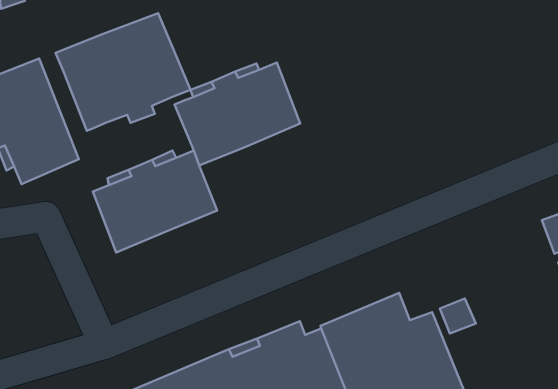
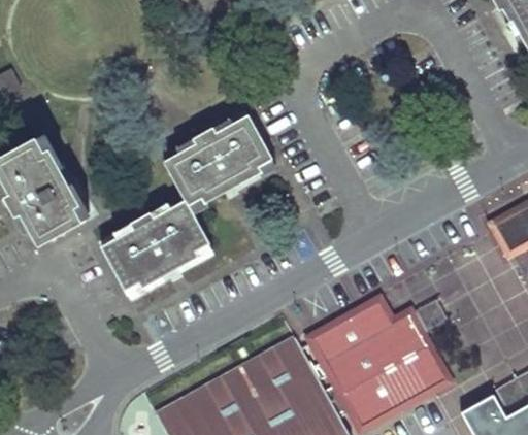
building: [55,13,190,131] -> none

